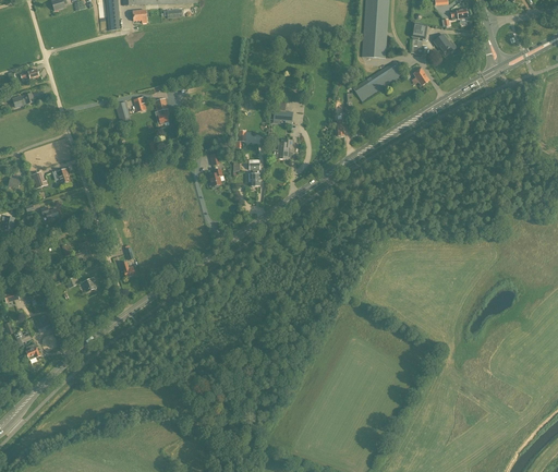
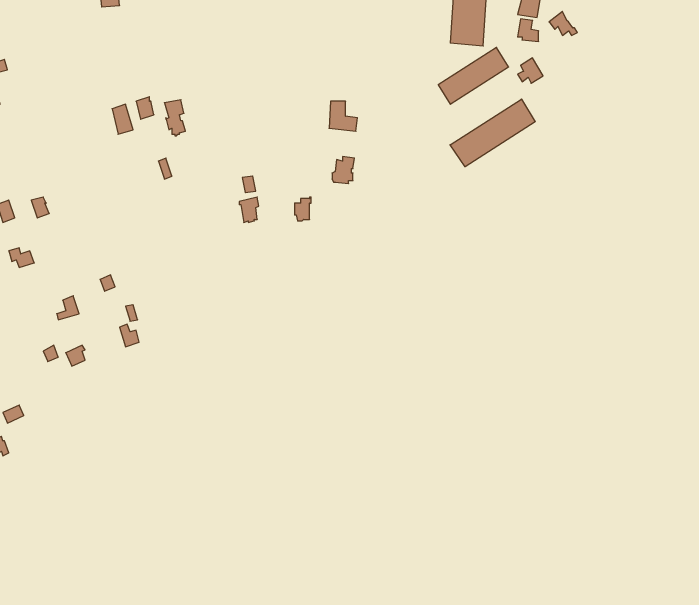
building: none -> [450,99,535,167]

